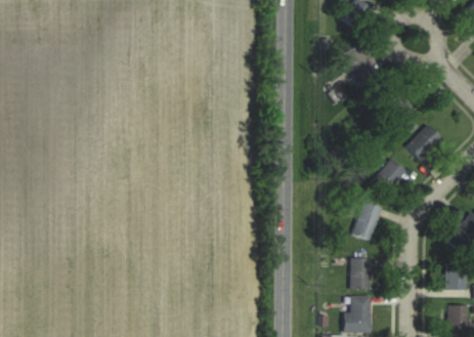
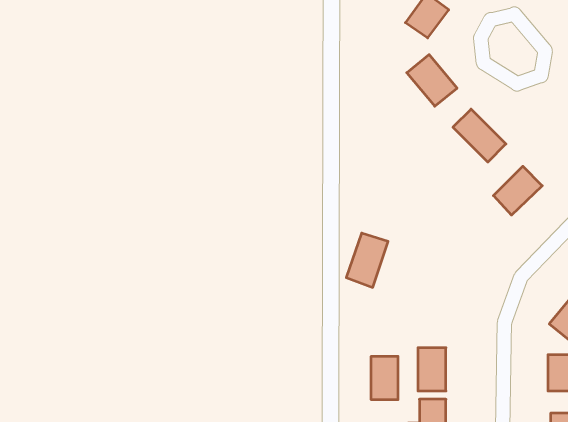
building: [371,157,405,195] -> none
building: [351,201,382,241] -> [346,233,388,287]
building: none -> [371,356,398,400]

